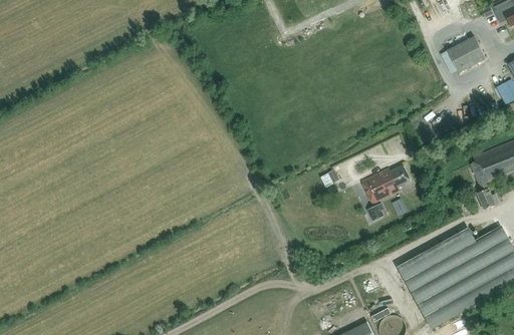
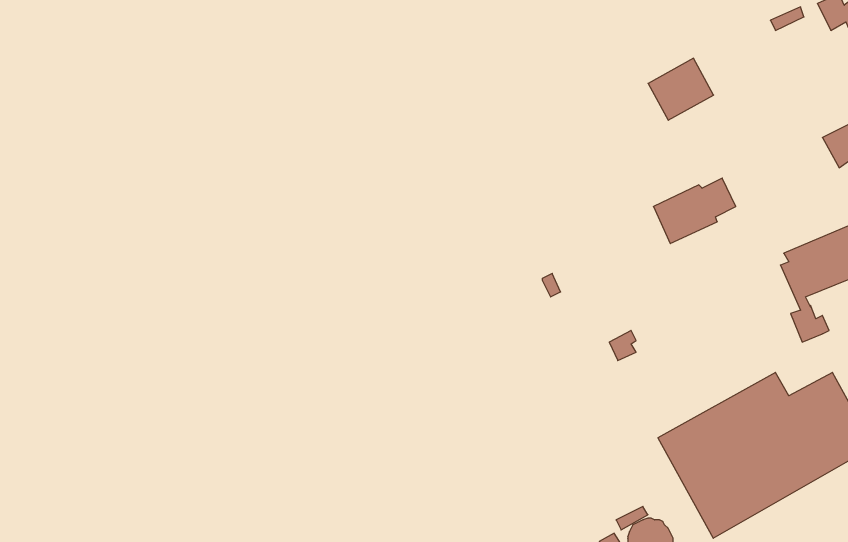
building: [447,35,486,72] -> [648,58,714,120]
building: [361,163,411,203] -> [653,178,736,244]

